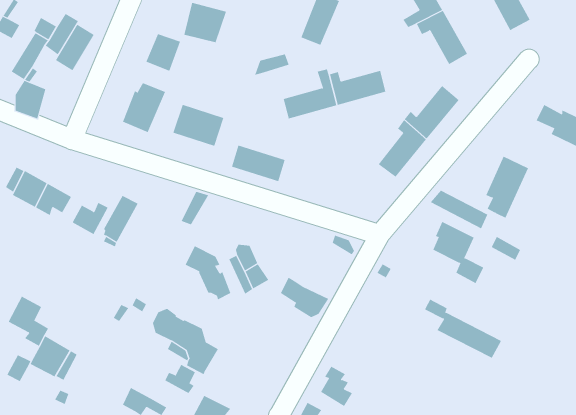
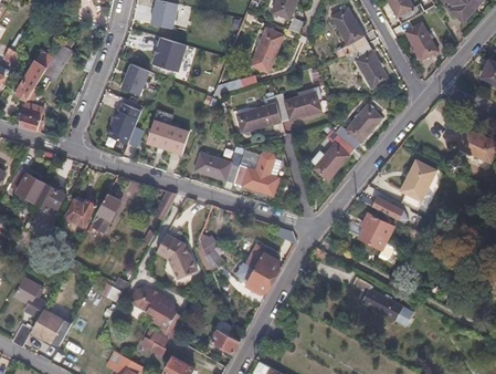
building: [55,24,95,71] -> none
building: none -> [233,152,278,195]
building: none -> [246,241,279,278]
building: [320,366,353,407] -> [212,319,239,352]

